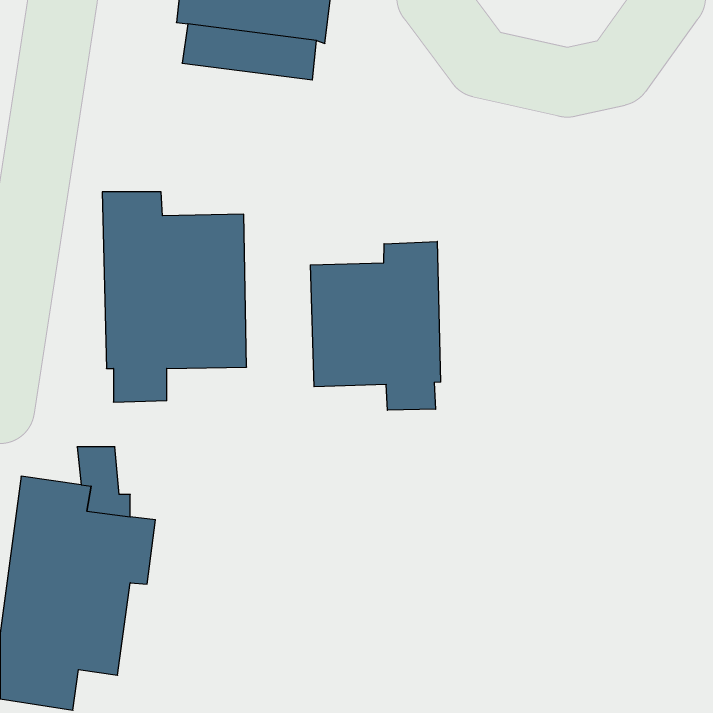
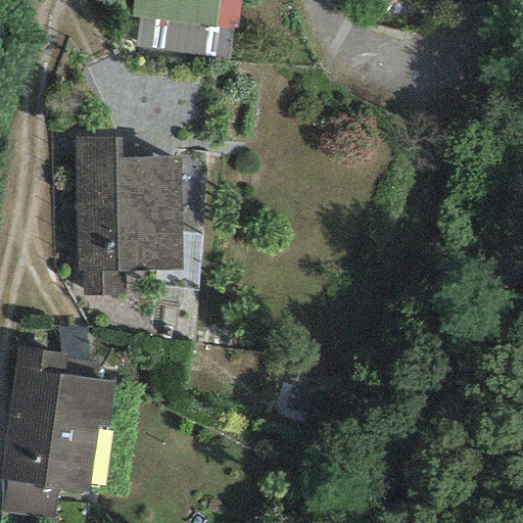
building: [310,241,441,410] -> none

